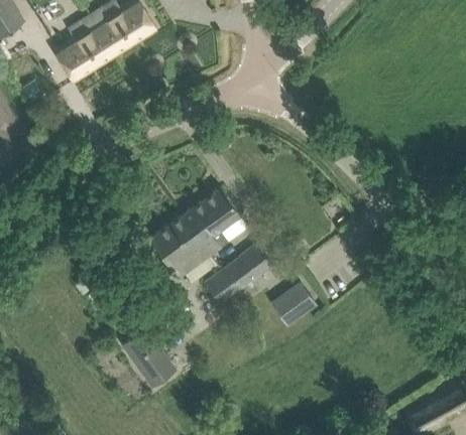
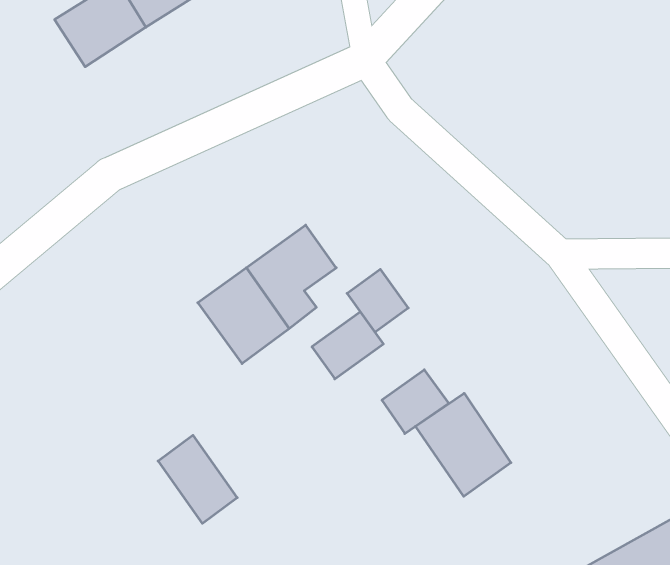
building: none -> [347,269,408,332]
building: [204,268,239,303] -> none
building: none -> [415,393,511,496]

